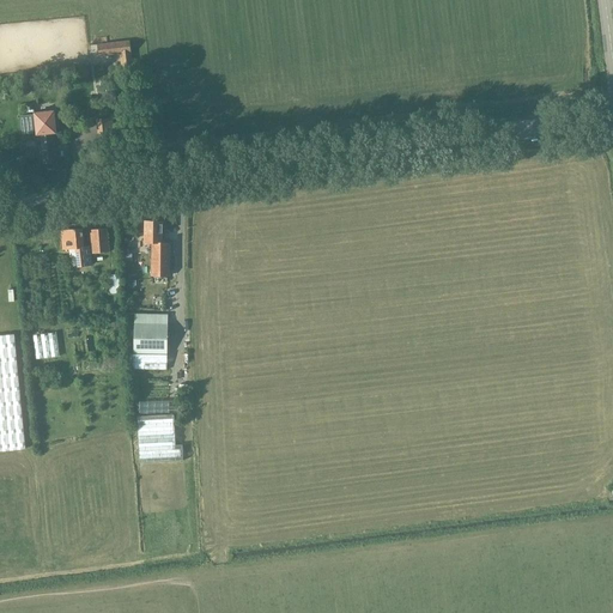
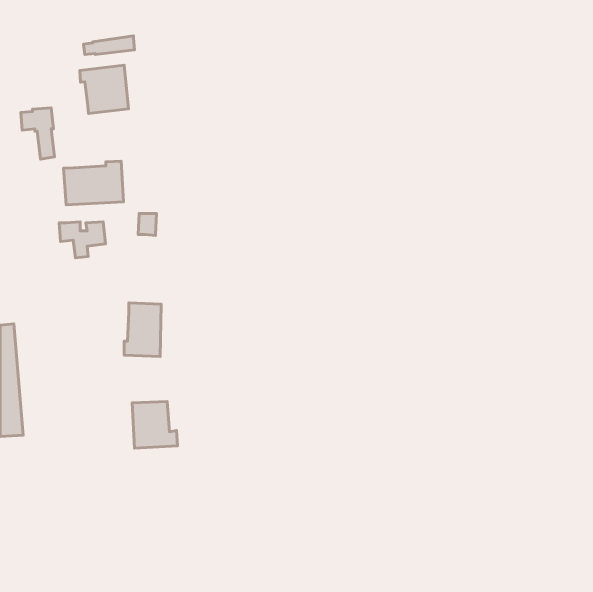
building: none -> [80,65,129,114]
building: none -> [64,161,124,205]
building: [150,242,168,275] -> none

